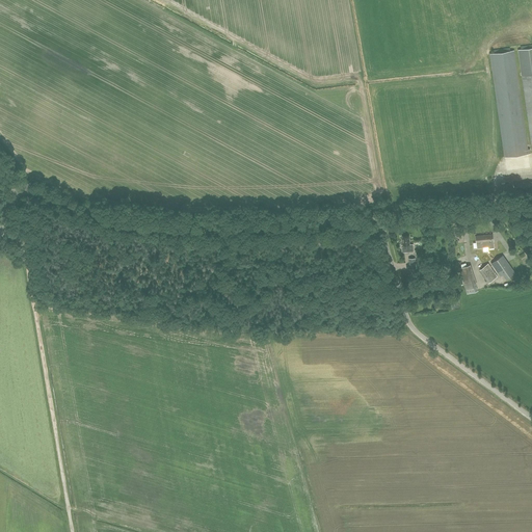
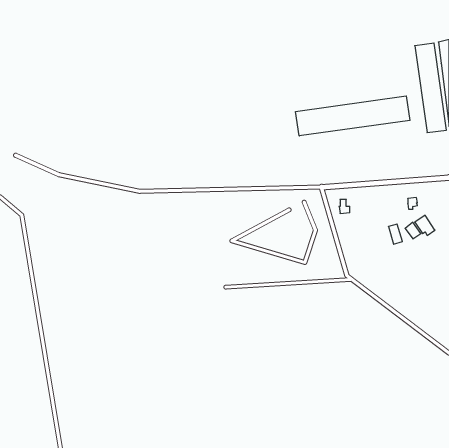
building: none -> [296,96,410,136]

